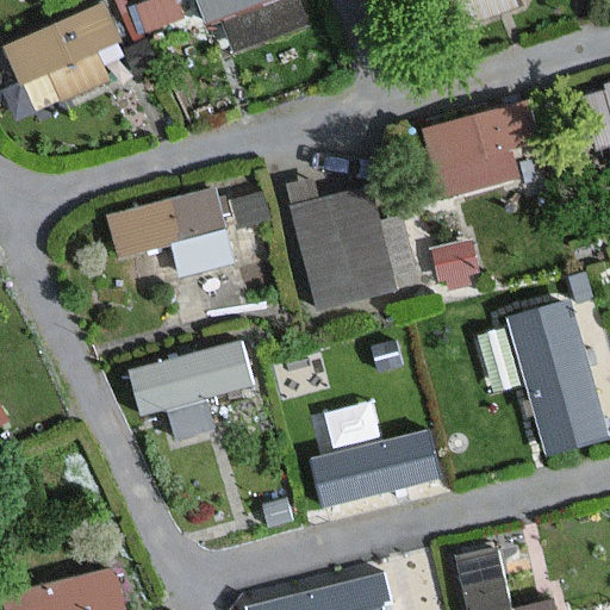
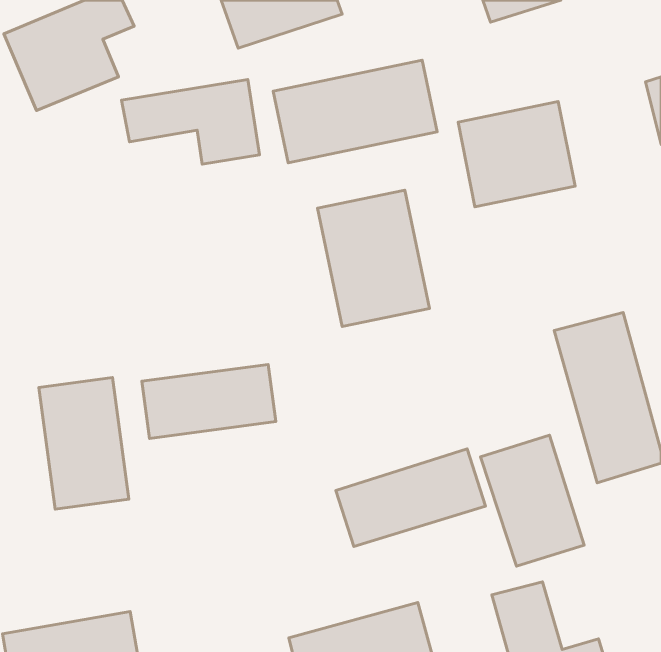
building: none -> [273,60,437,163]
building: [106,198,232,275] -> [122,79,260,164]
building: none -> [39,378,129,509]
building: none -> [480,435,584,566]

